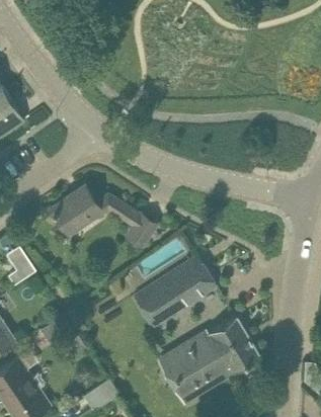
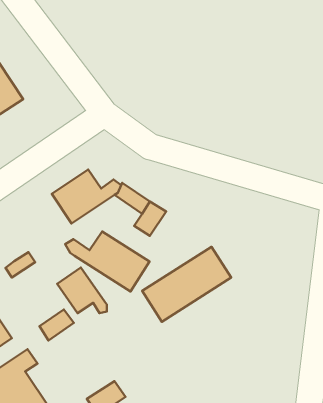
building: none -> [65,231,150,291]
building: none -> [57,267,107,313]
building: [161,317,259,396] -> none

